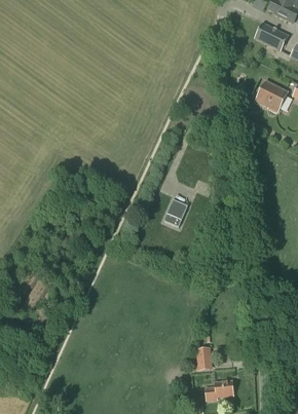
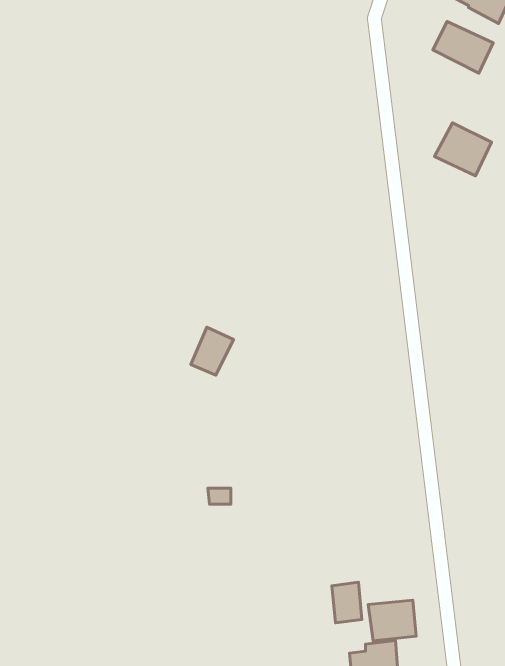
building: [163,198,188,226] -> [191,327,233,375]
building: none -> [368,600,416,641]

